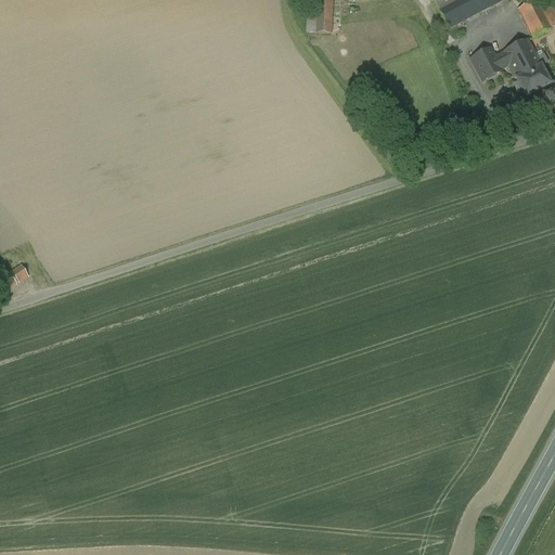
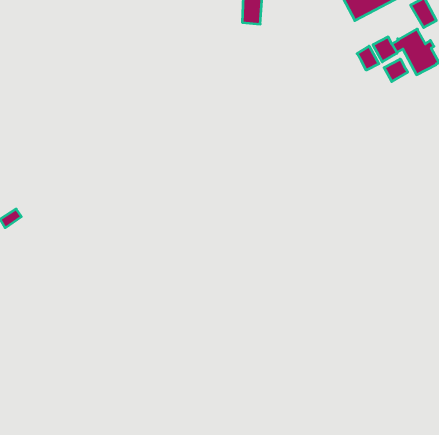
building: none -> [357,46,379,70]
building: none -> [384,59,408,82]

